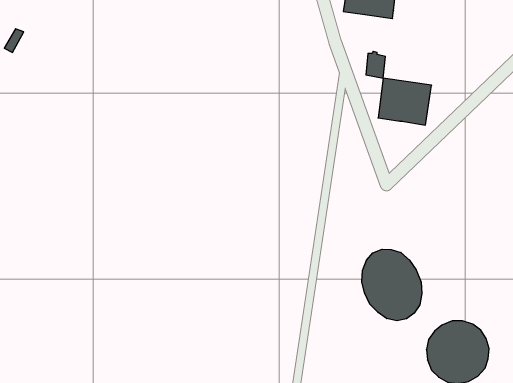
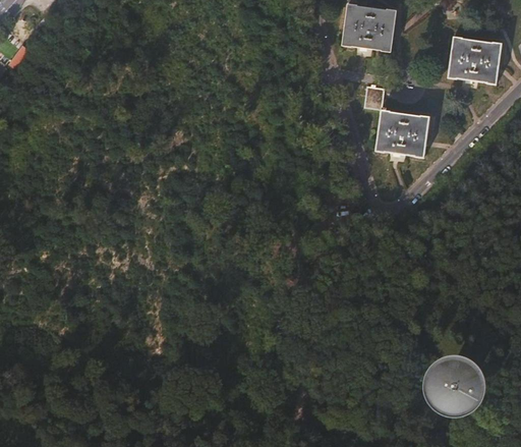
building: none -> [448,38,502,83]
building: [362,249,422,321] -> none

